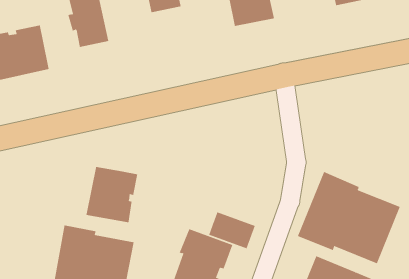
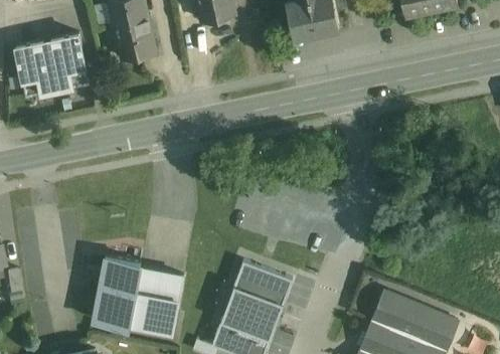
building: [86,166,138,223] -> none
building: [297,171,400,264] -> none
building: [209,211,255,249] -> none

